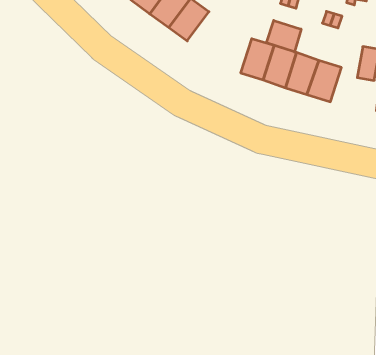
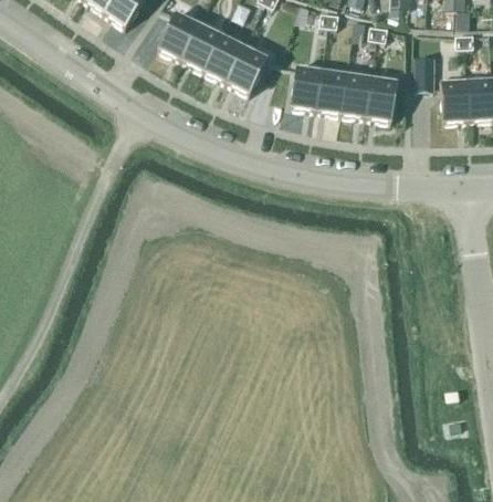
building: none -> [227,45,268,93]
building: [266,20,301,52] -> none

